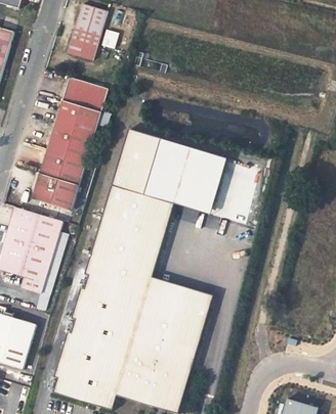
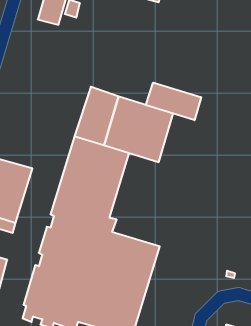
building: [31,76,108,209] -> none
building: none -> [146,83,201,120]
building: [155,278,213,309] -> none

